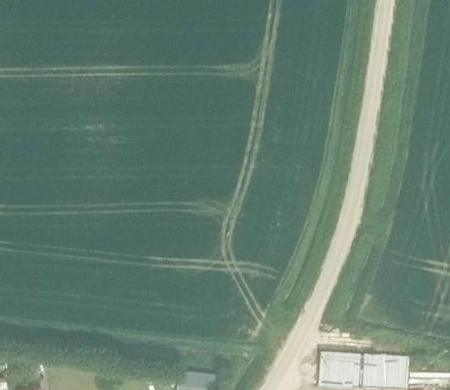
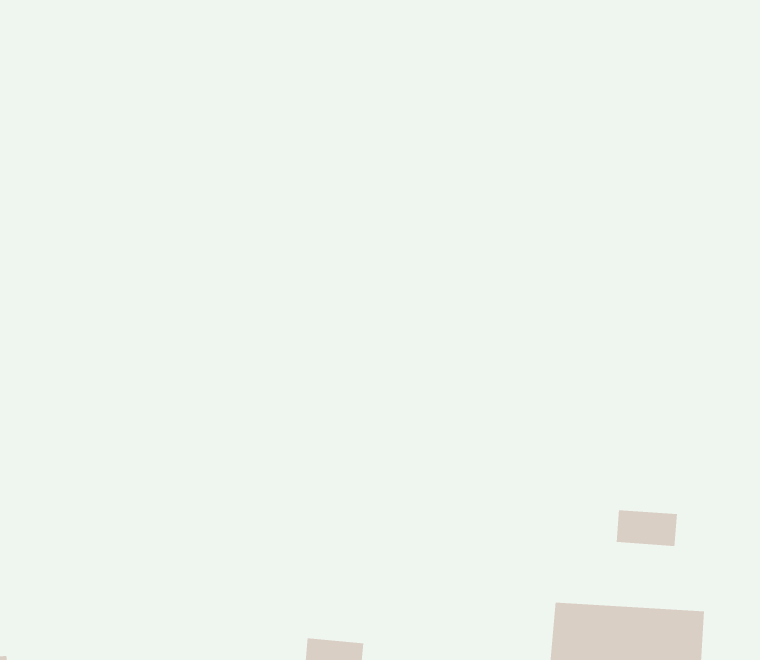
building: none -> [616,509,677,547]

